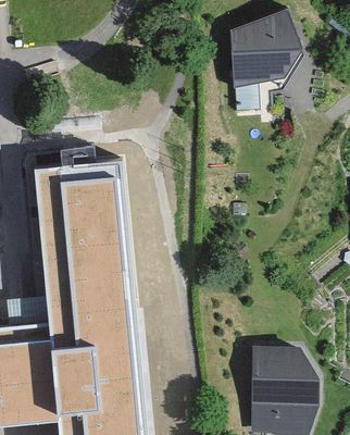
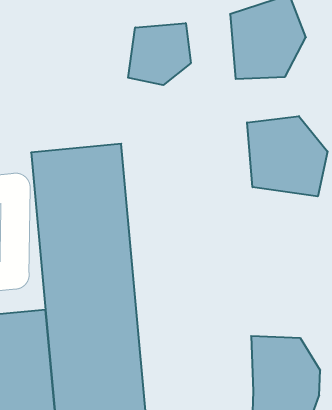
building: none -> [128,23,191,85]
building: none -> [247,116,328,196]

